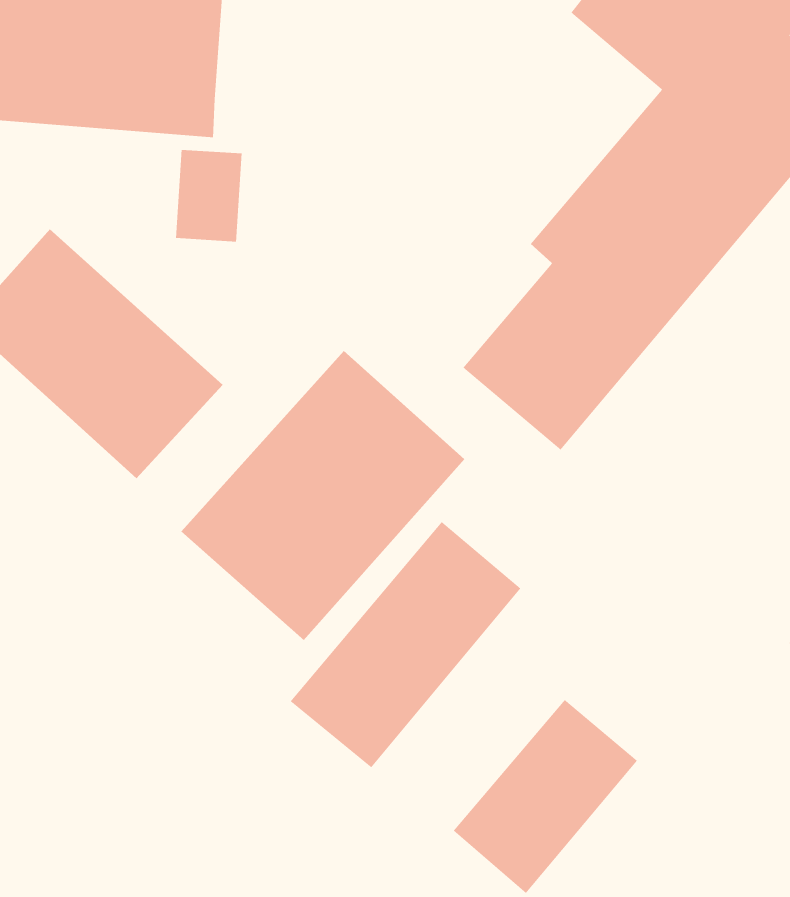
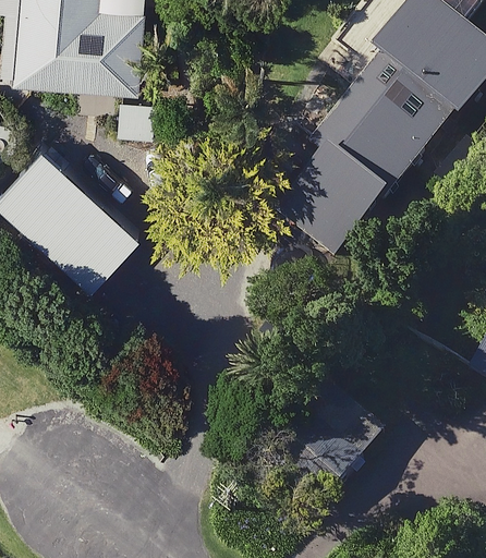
building: [181,350,465,641] -> none
building: [290,521,521,768] -> none

